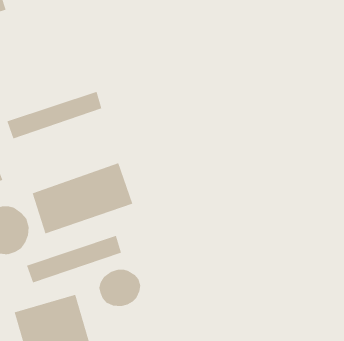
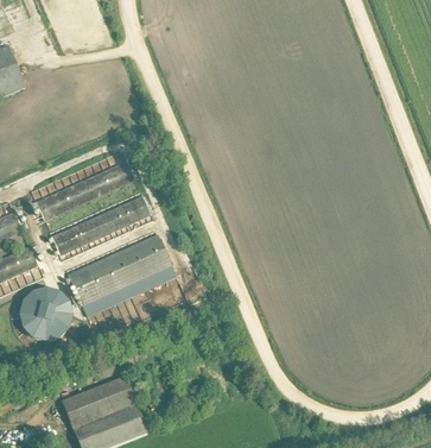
building: [26,235,122,283] -> [51,196,150,254]
building: [99,269,141,307] -> none

